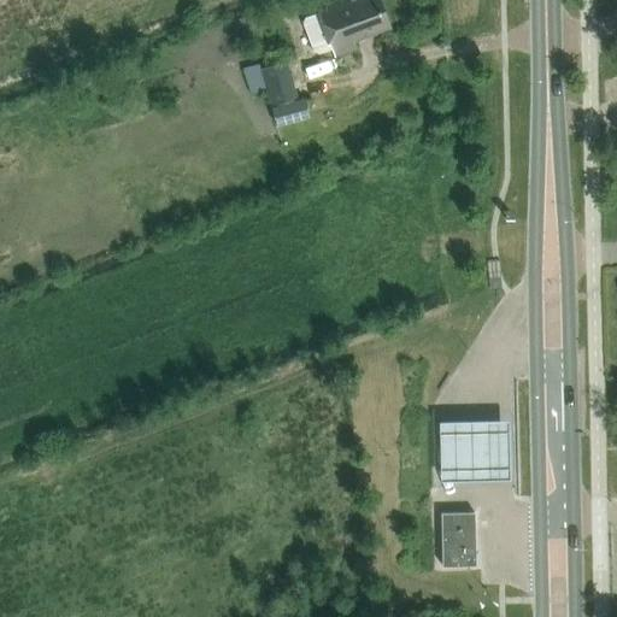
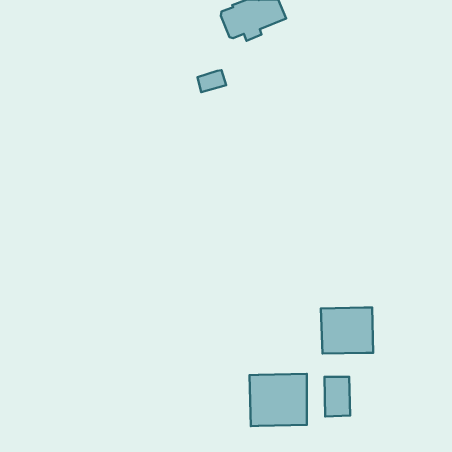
building: [259,60,296,105] -> none
building: none -> [250,374,307,426]

